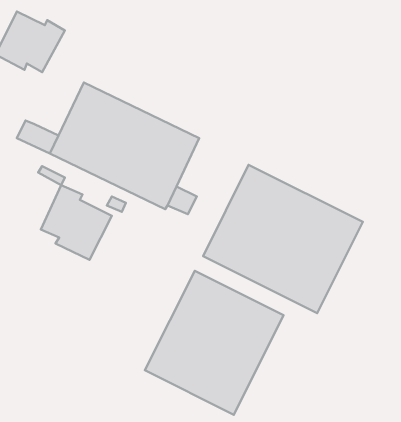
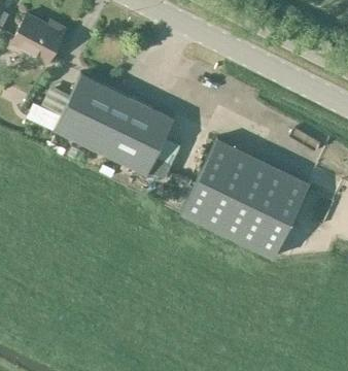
building: [41,185,112,260] -> none
building: [145,271,283,415] -> none

